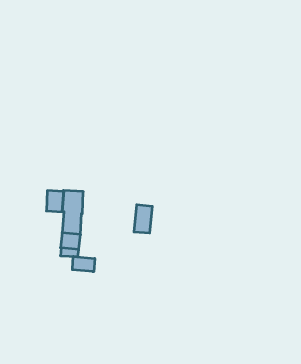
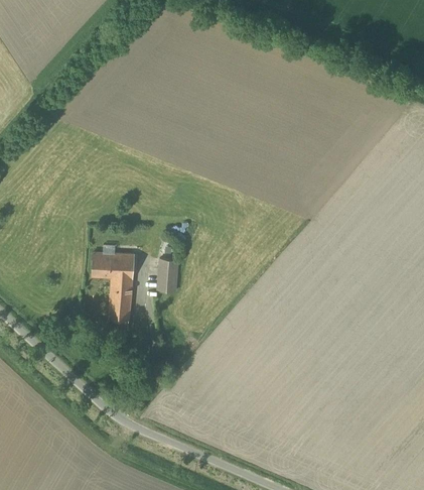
building: [134,205,152,233] -> [157,258,178,290]
building: [72,256,95,272] -> none

